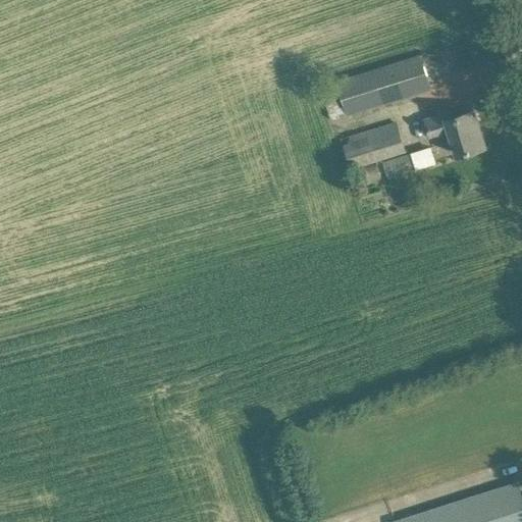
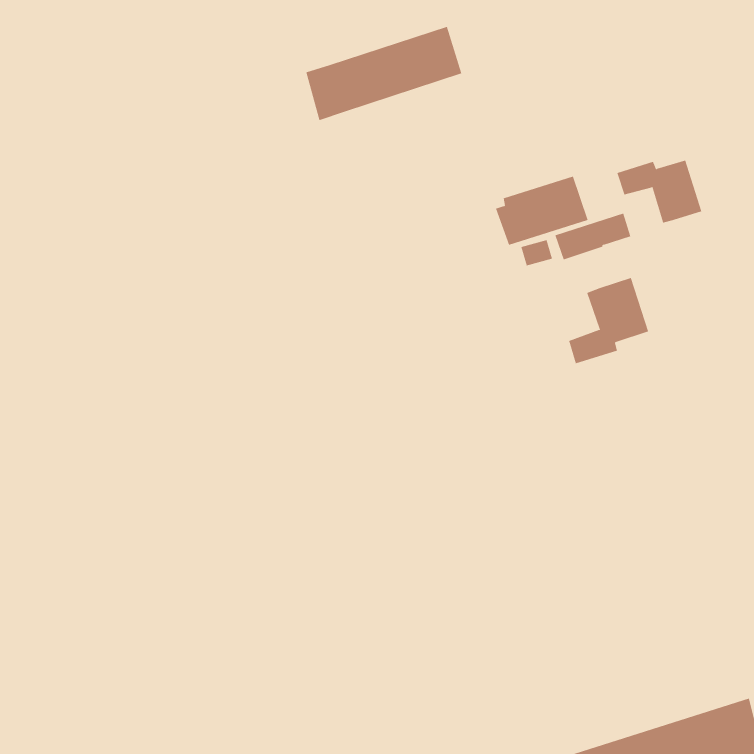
building: [322,56,430,121] -> [305,26,462,121]
building: none -> [568,277,649,364]

